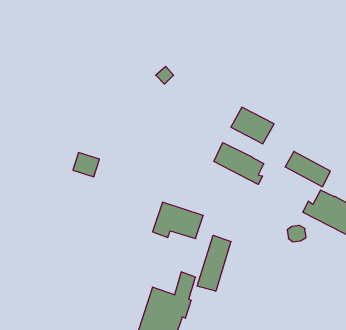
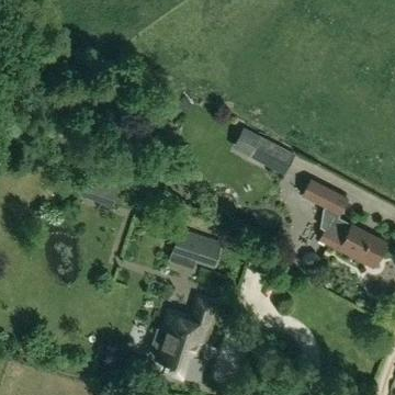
building: [214,143,264,184] -> none
building: [197,235,231,291] -> none

